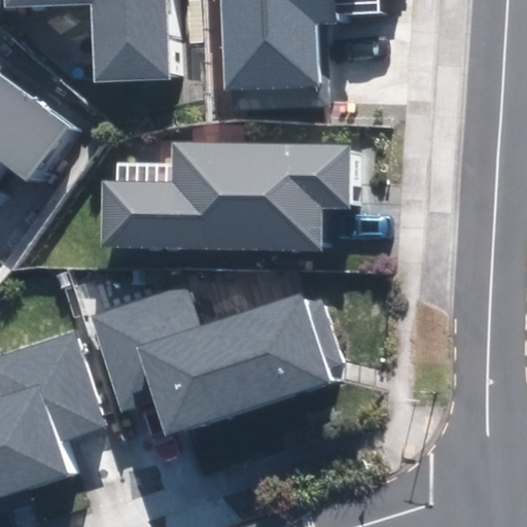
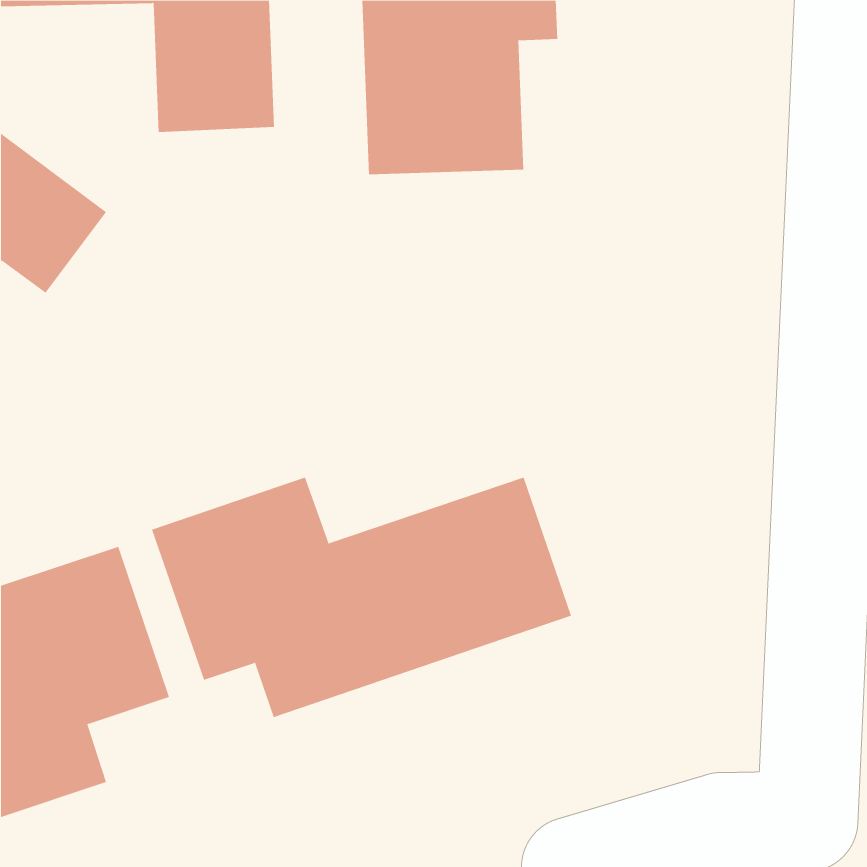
building: [102,144,347,248] -> none

